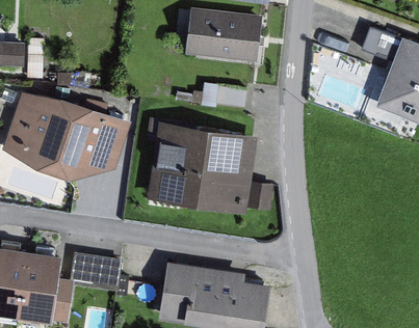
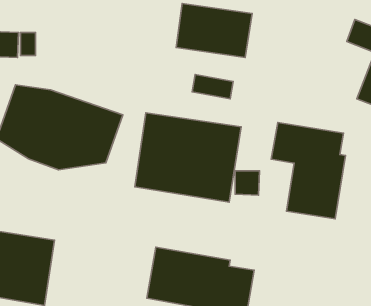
building: none -> [271,123,345,219]
building: [71,251,120,285] -> none

